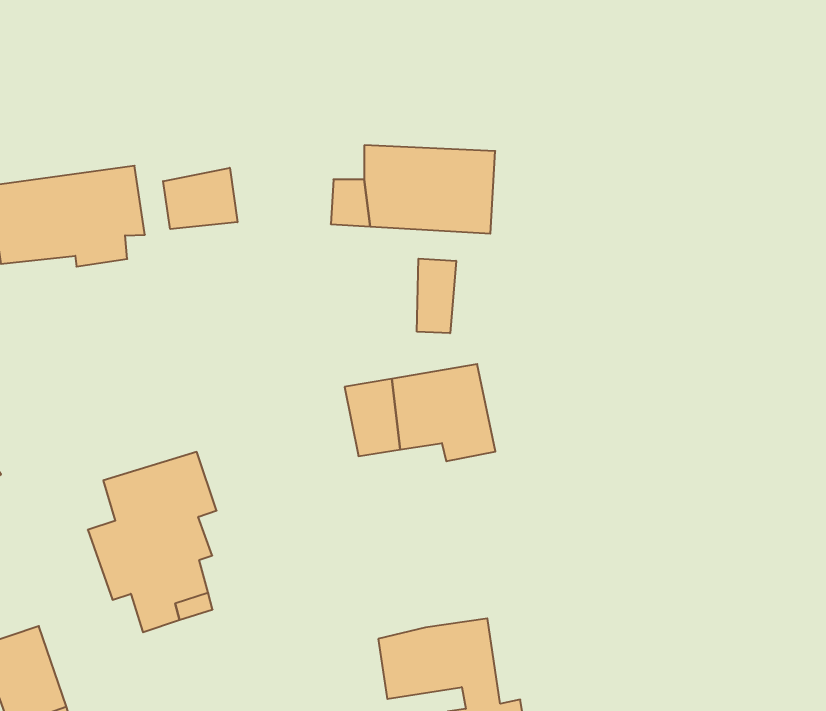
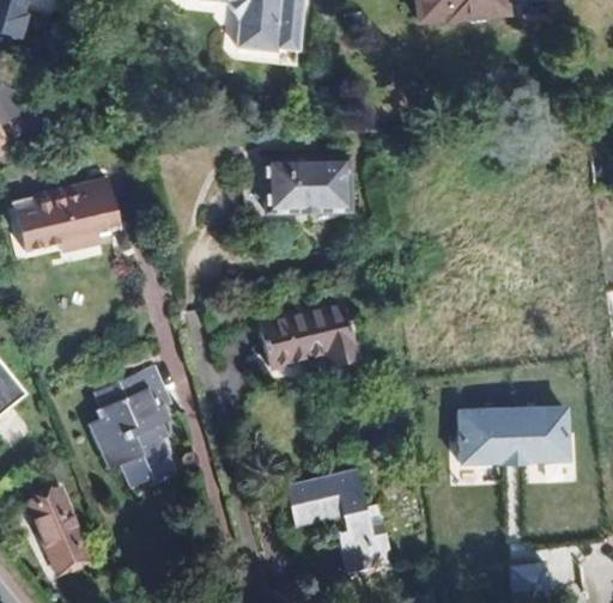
building: [163,168,237,229] -> none
building: [417,259,456,333] -> none
building: none -> [454,401,569,463]

